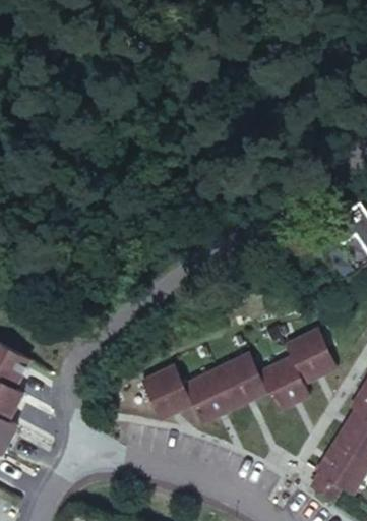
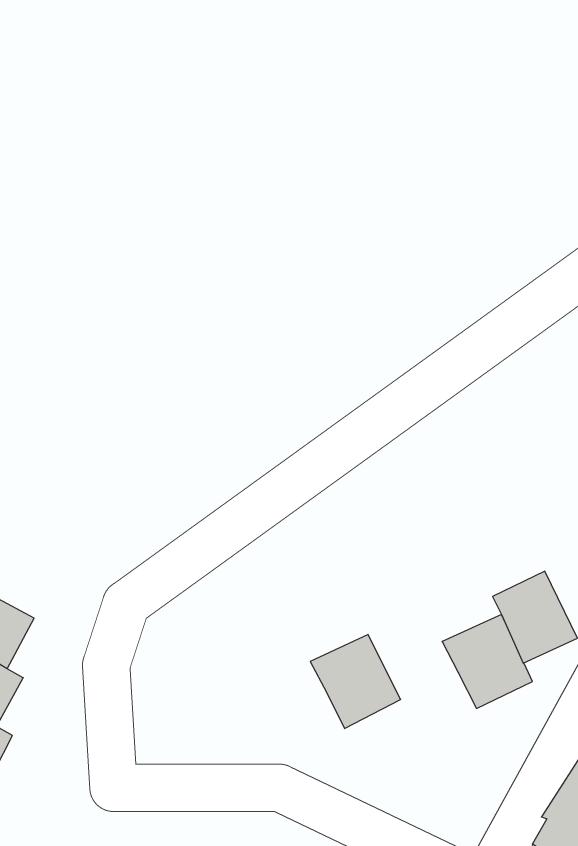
building: [218,352,268,405] -> none
building: [142,362,194,417] -> none

